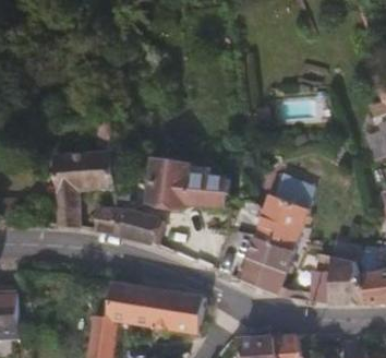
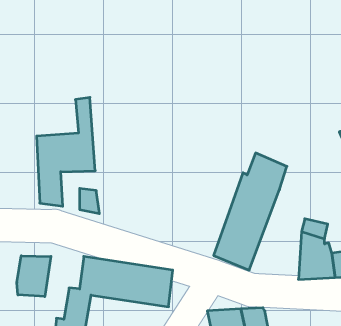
building: [140,160,233,208] -> none
building: [121,212,167,246] -> none
building: none -> [17,256,51,297]

